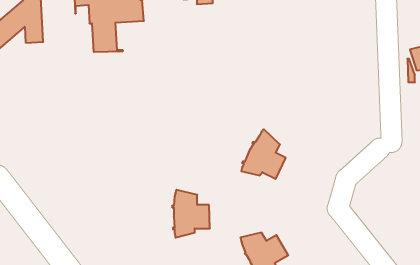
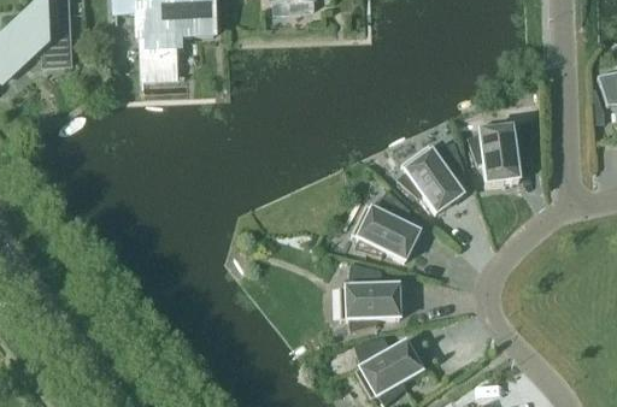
building: none -> [466,128,535,185]
building: none -> [396,142,464,213]
building: [172,190,210,238] -> [345,263,399,331]

